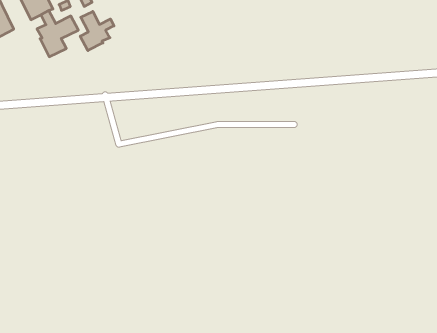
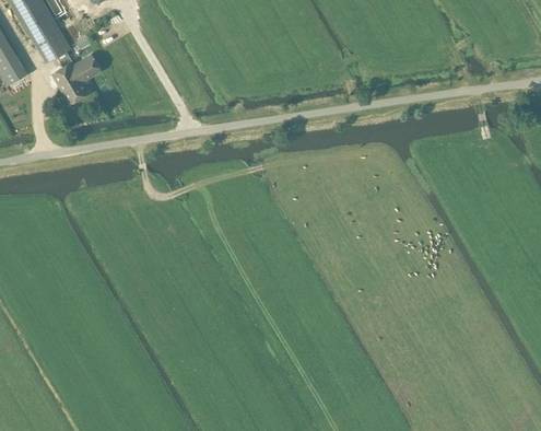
building: [80,11,114,51] -> none

